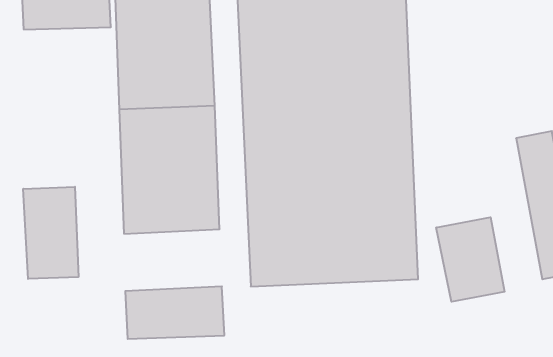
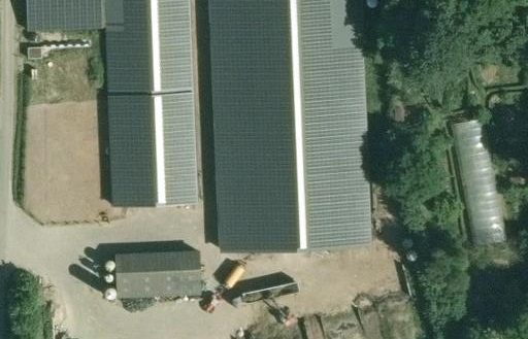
building: [23,187,78,279] -> none
building: [436,217,505,302] -> none

